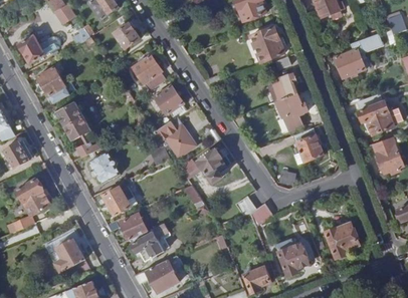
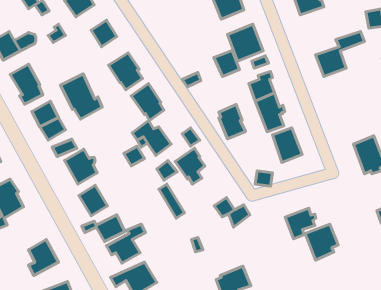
building: none -> [214,50,240,76]
building: none -> [61,74,102,119]
building: [357,95,394,133] -> none
building: none -> [219,104,245,139]
building: [280,245,311,275] -> [285,208,316,239]

